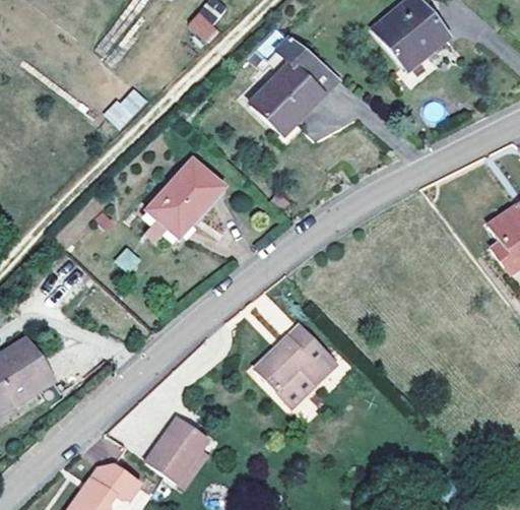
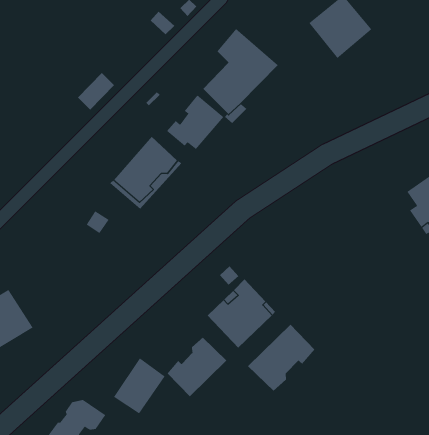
building: none -> [166,95,224,150]
building: none -> [247,324,315,392]
building: none -> [167,337,227,397]

